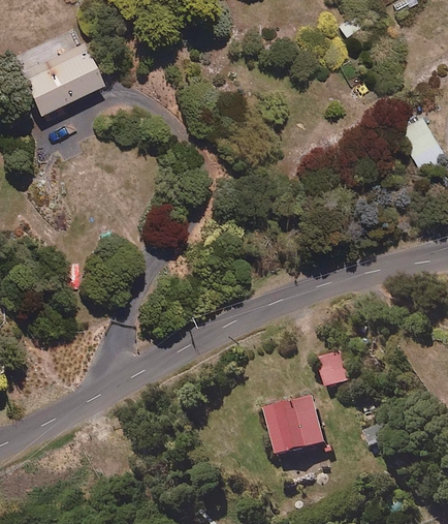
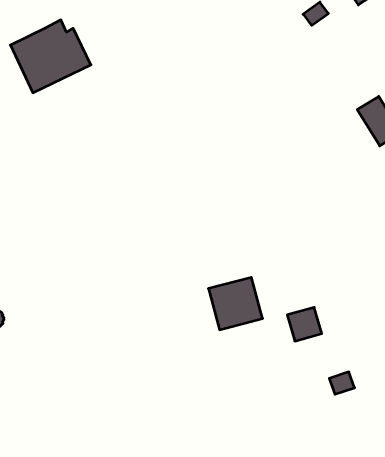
building: [267,400,327,458] -> [208,277,263,330]

